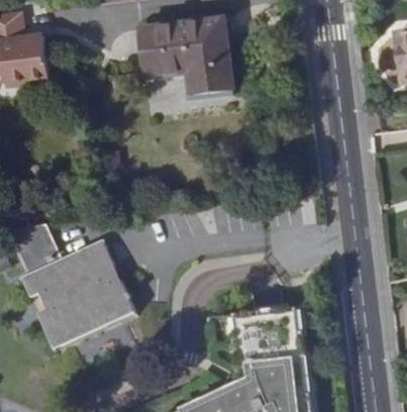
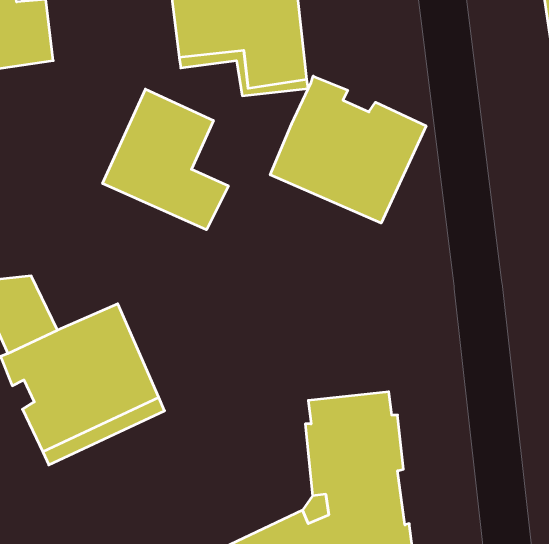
building: none -> [270,76,426,223]
building: none -> [103,89,228,230]

